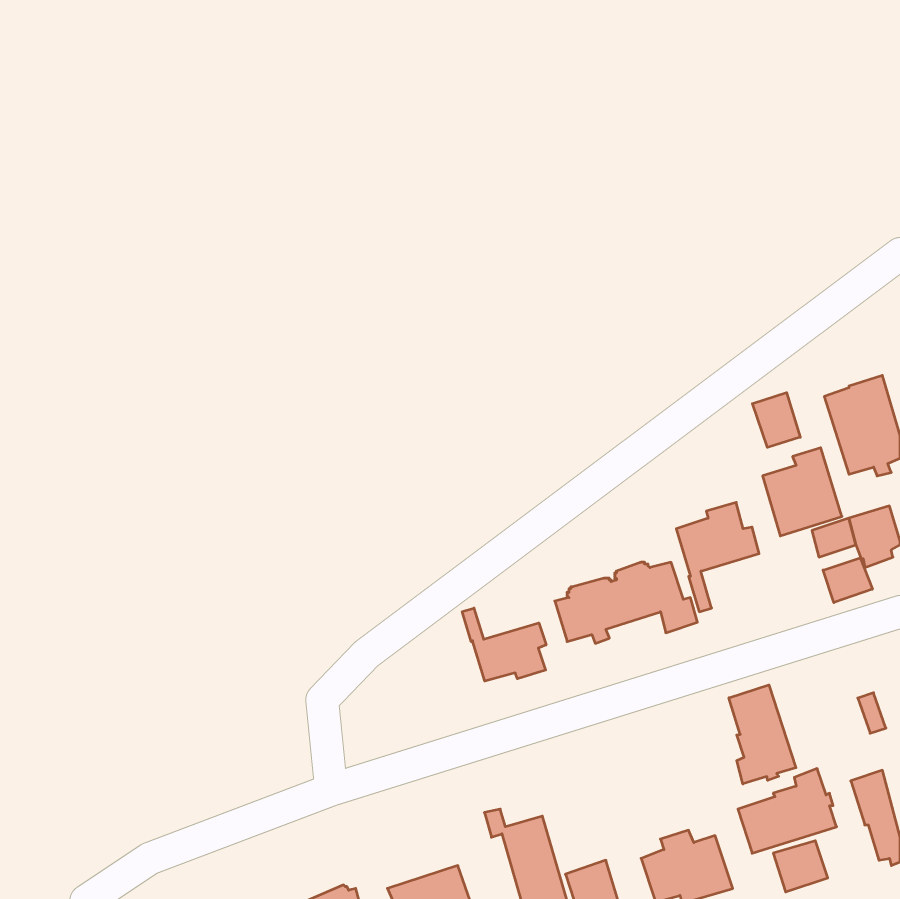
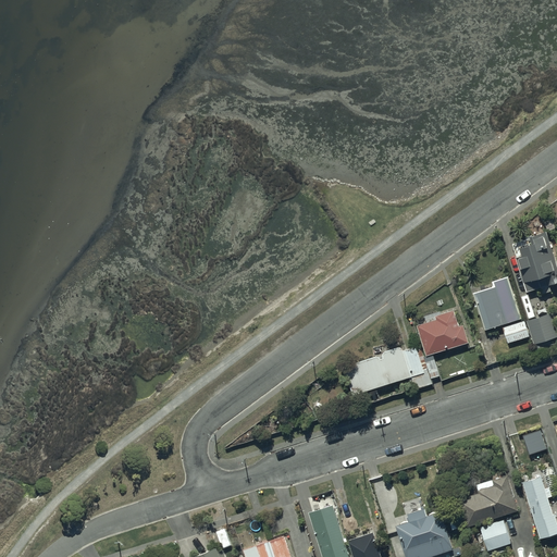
building: [752,393,800,447] -> none
building: [823,558,872,603] -> none
building: [462,608,546,681] -> none
building: [729,685,796,784] -> none

